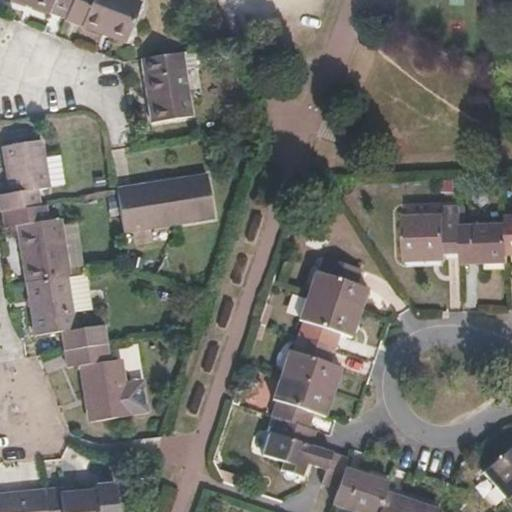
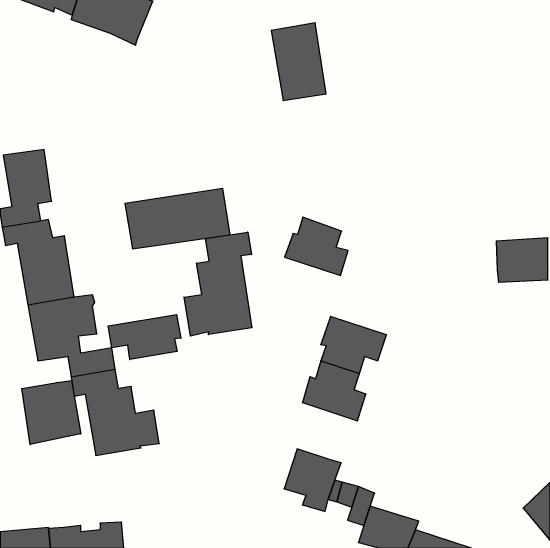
building: [141,50,192,122] -> [271,23,326,100]
building: [404,205,462,260] -> none
building: none -> [184,232,252,336]
building: [307,257,366,311] -> [285,217,348,275]
building: none -> [108,315,181,360]
building: none -> [22,381,81,445]
building: [272,374,332,427] -> none

